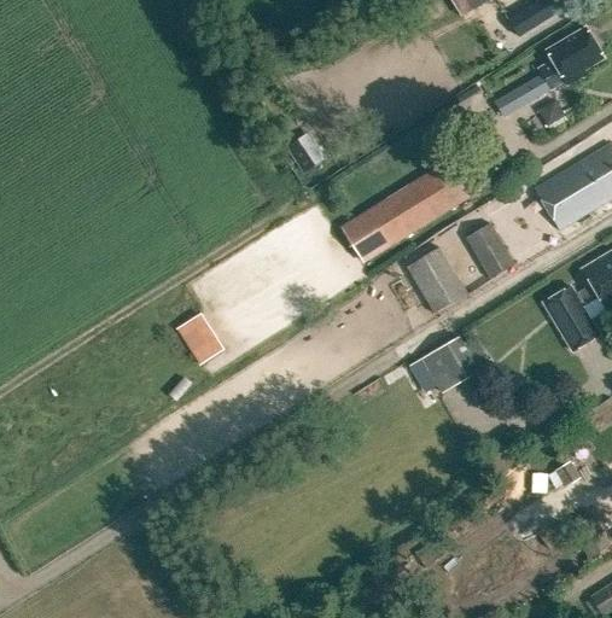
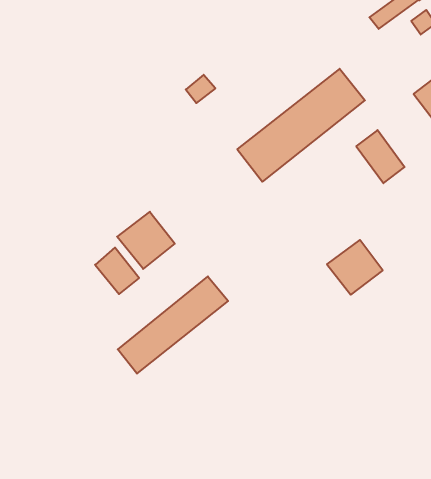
building: [406,246,468,314] -> none
building: none -> [117,212,175,269]
building: none -> [118,276,228,374]

